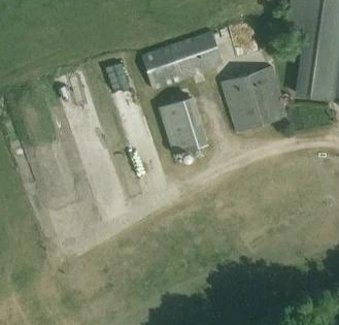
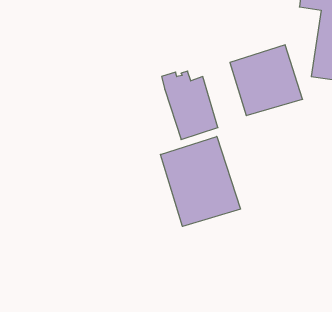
building: [140,31,223,91] -> none
building: none -> [160,136,241,226]

